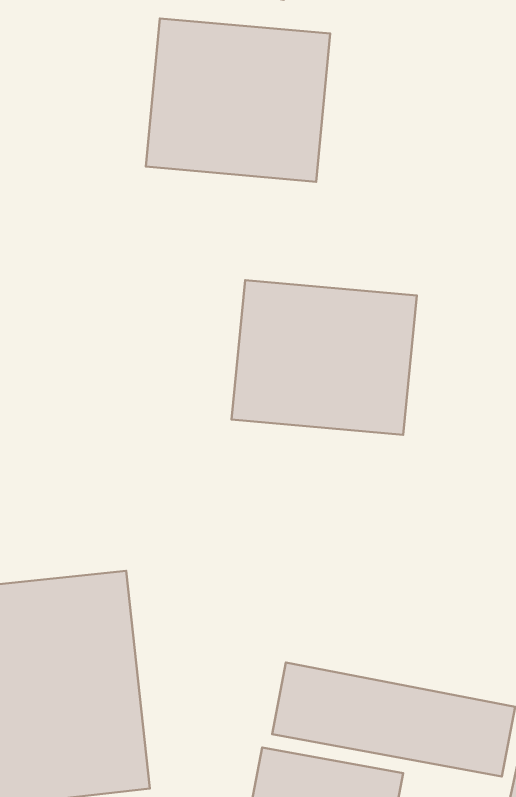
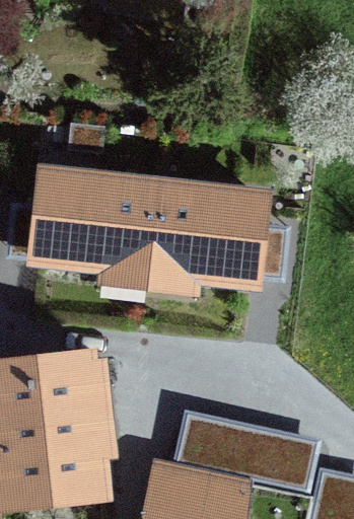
building: [146,18,330,182] -> none
building: none -> [33,175,158,270]

